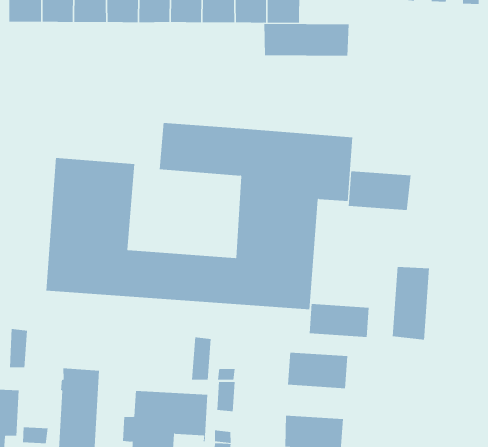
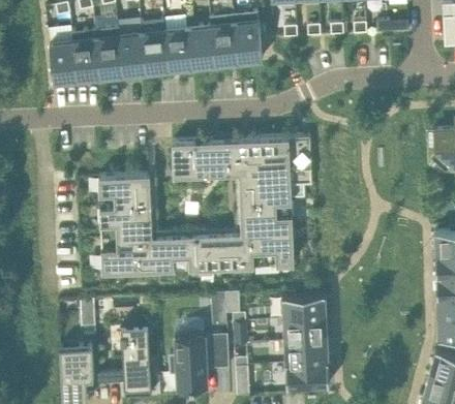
building: [264,23,349,56] -> none
building: [348,171,411,211] -> none
building: [392,266,430,340] -> none
building: [309,303,369,337] -> [283,319,327,343]

